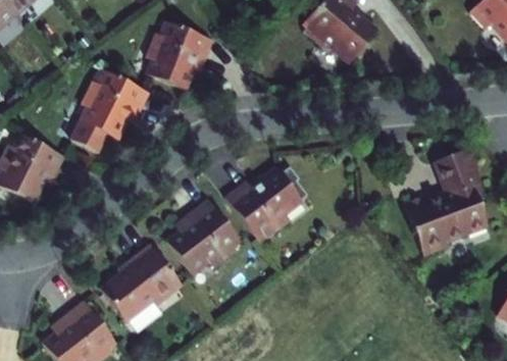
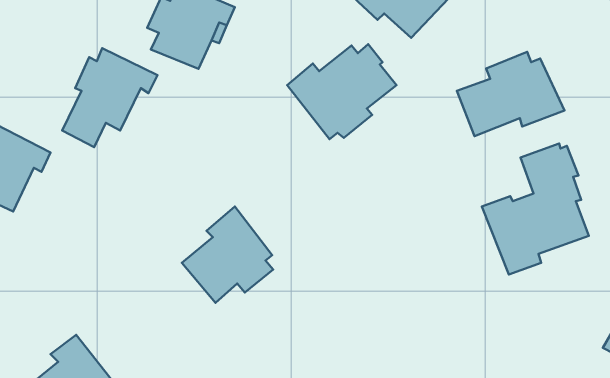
building: none -> [457,52,564,136]
building: [222,167,309,243] -> [287,44,397,139]
building: [102,243,182,319] -> none

